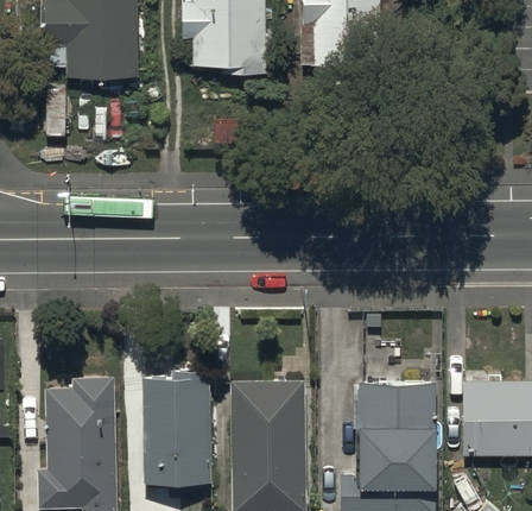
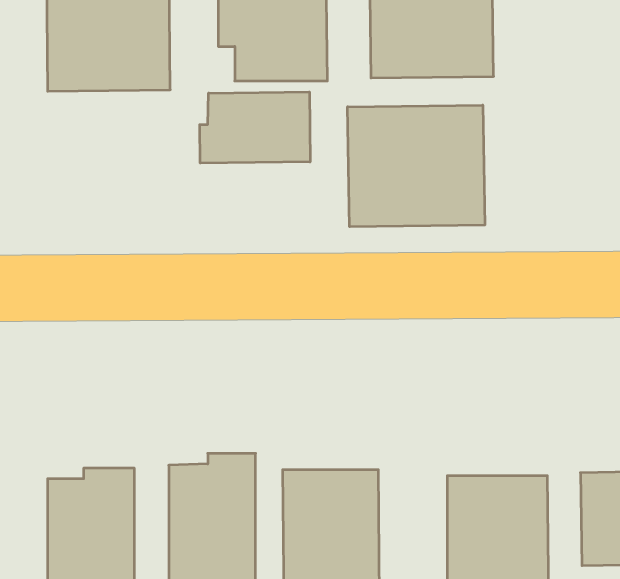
building: none -> [200,92,310,163]
building: none -> [348,105,485,227]

